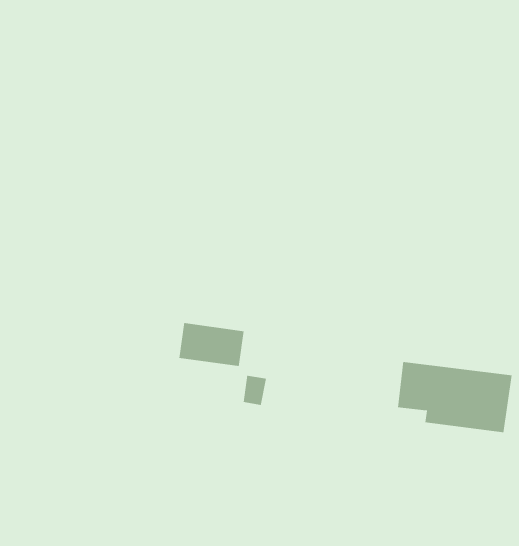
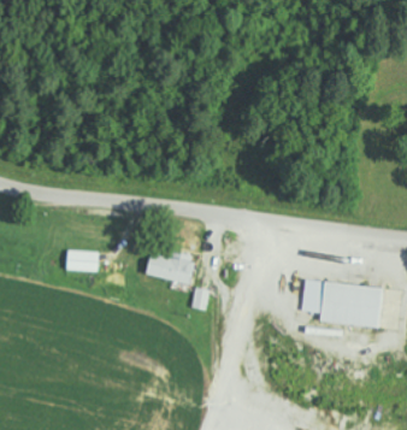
building: none -> [65,249,98,271]

